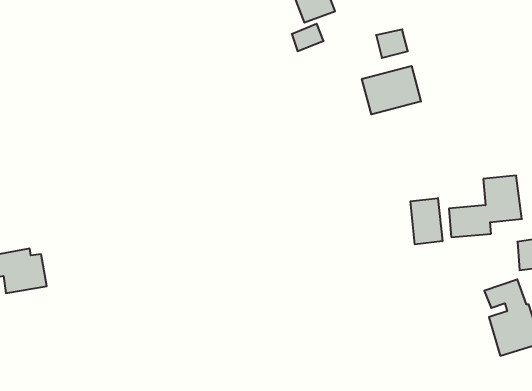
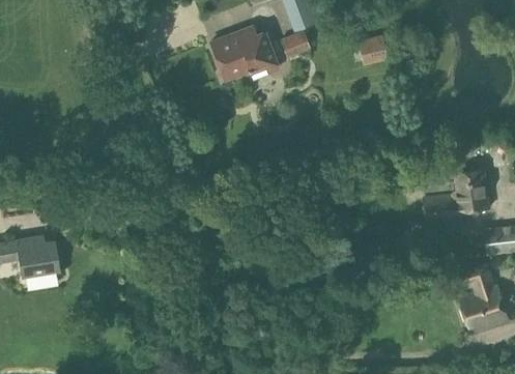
building: none -> [210,27,278,81]
building: [362,66,421,114] -> none
building: [410,198,442,244] -> none

